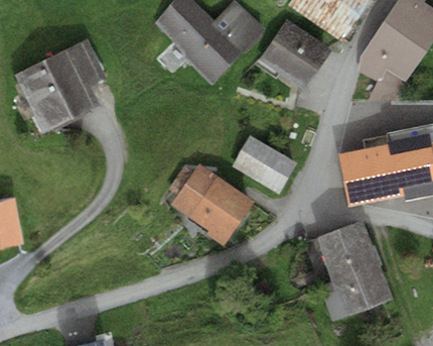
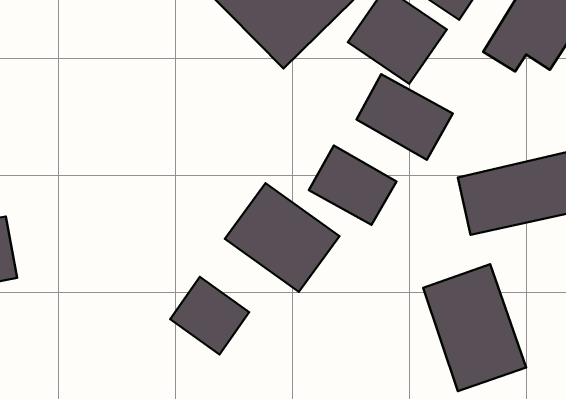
building: [23,42,103,123] -> none
building: none -> [356,74,453,160]
building: none -> [170,277,249,354]

